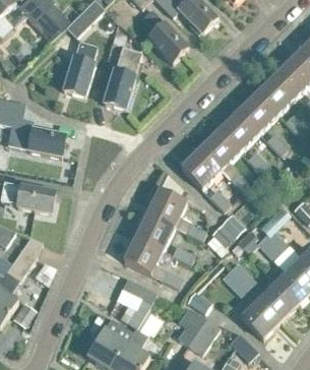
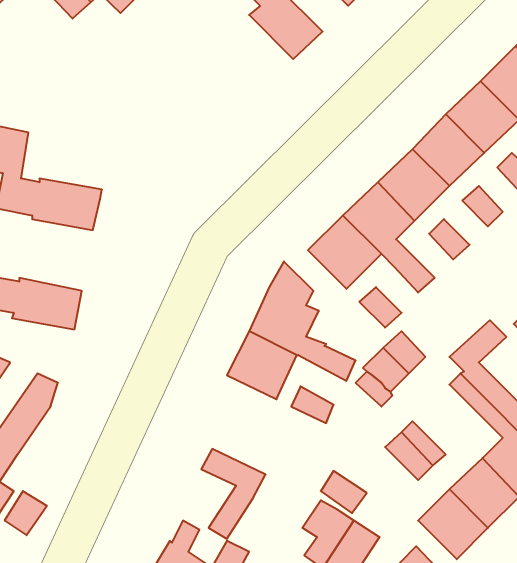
building: [104,34,140,109] -> none
building: [63,40,97,97] -> none
building: [123,237,183,289] -> none

